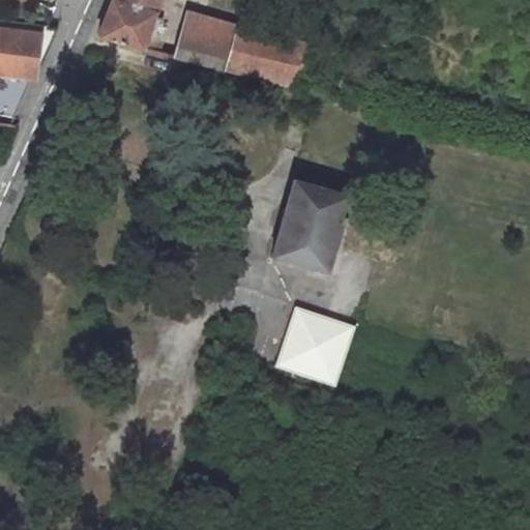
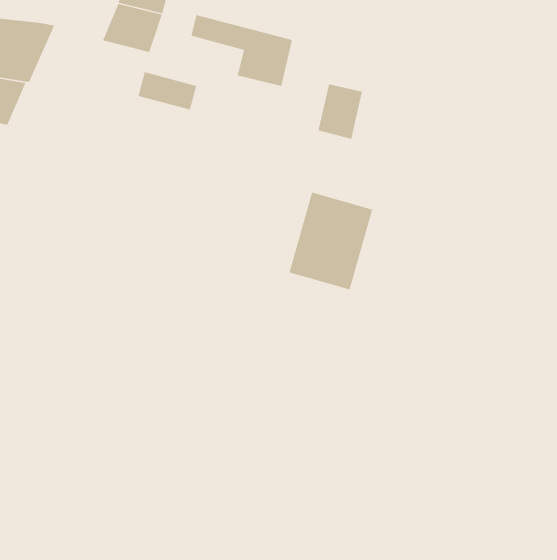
building: [173,34,229,71] -> [138,71,197,111]
building: [265,37,307,90] -> [318,84,363,140]
building: [275,305,357,386] -> none

